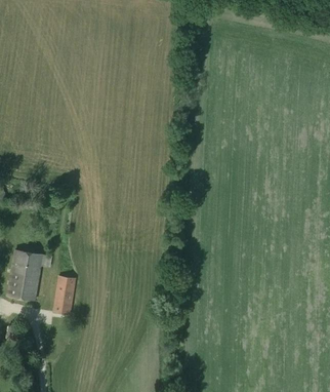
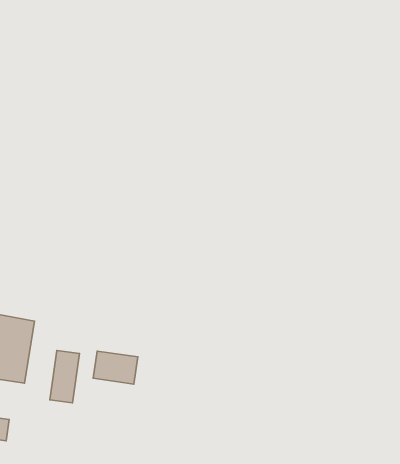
building: none -> [93,351,138,384]

